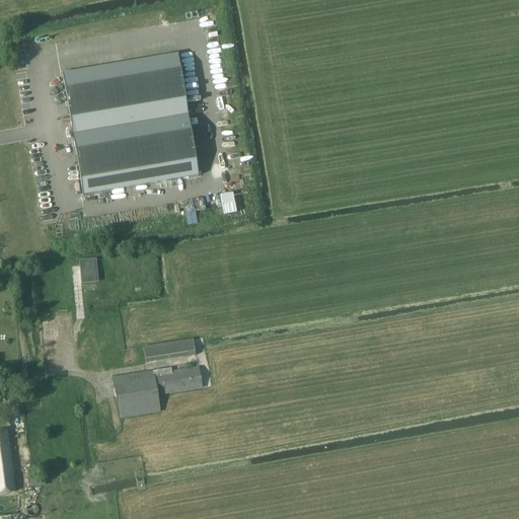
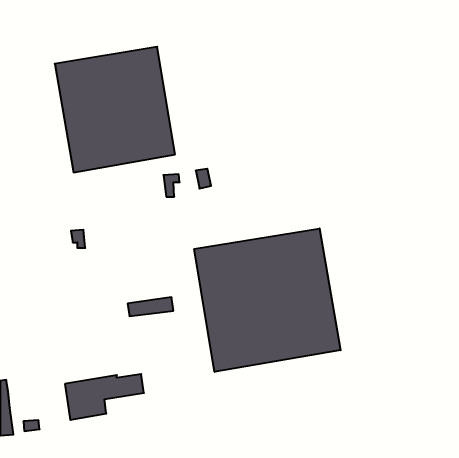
building: none -> [194,228,341,372]
building: [113,366,202,418] -> [65,374,144,420]

